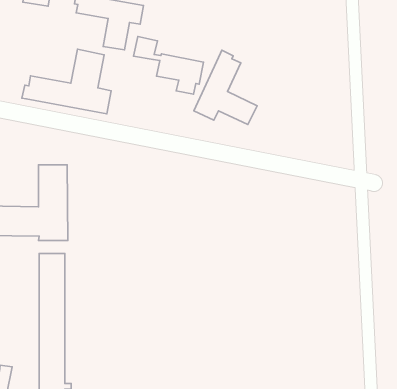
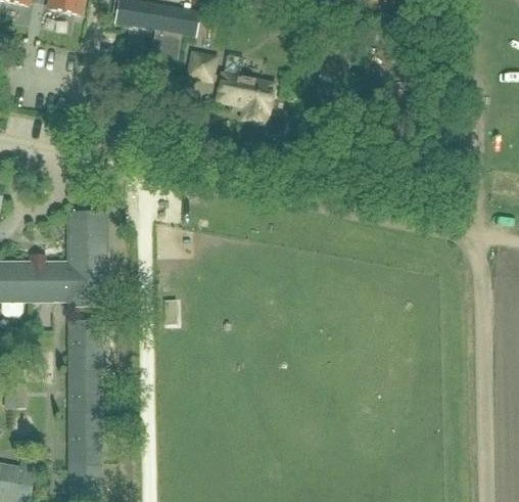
building: [22,49,111,114] -> none
building: [194,50,257,124] -> none

